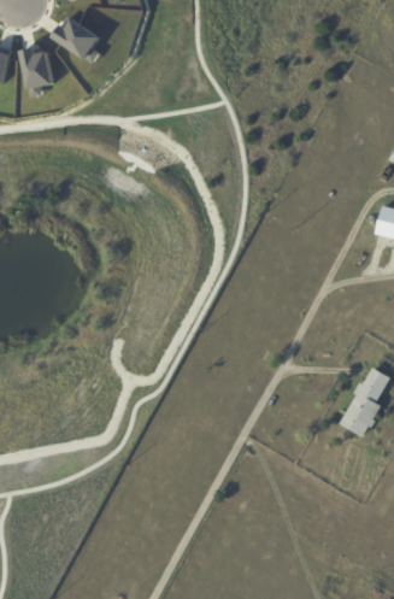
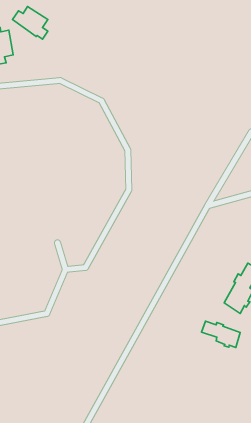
building: none -> [202,321,240,348]

